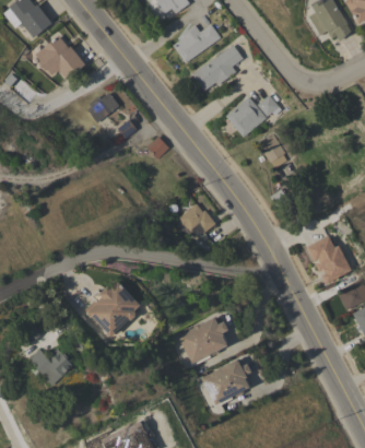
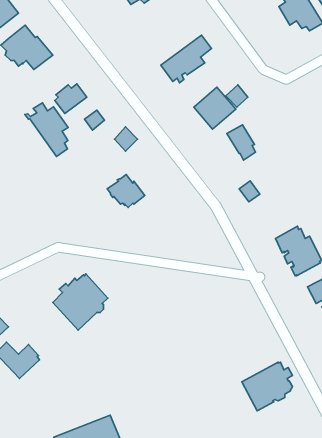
building: [173,24,221,63] -> none
building: none -> [25,103,68,157]
building: [178,203,215,236] -> [107,174,145,208]
building: [177,317,228,366] -> none
building: [201,358,251,406] -> [242,362,293,411]

